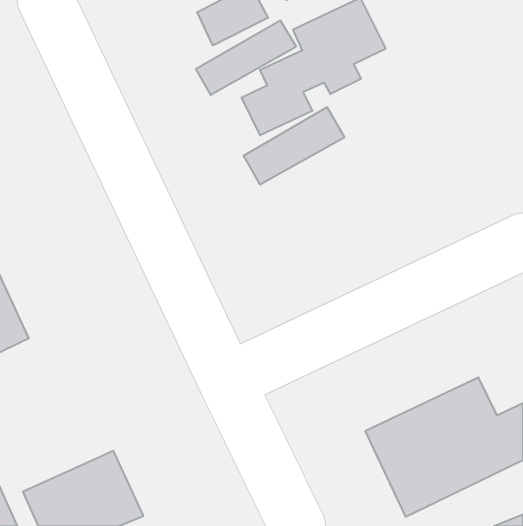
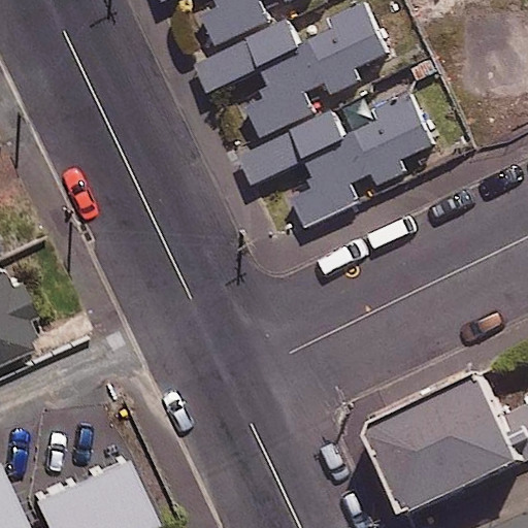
building: none -> [282,93,431,228]

